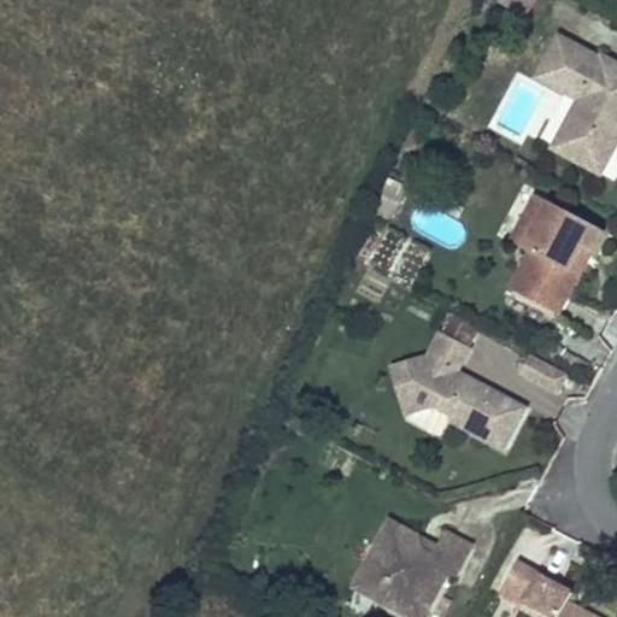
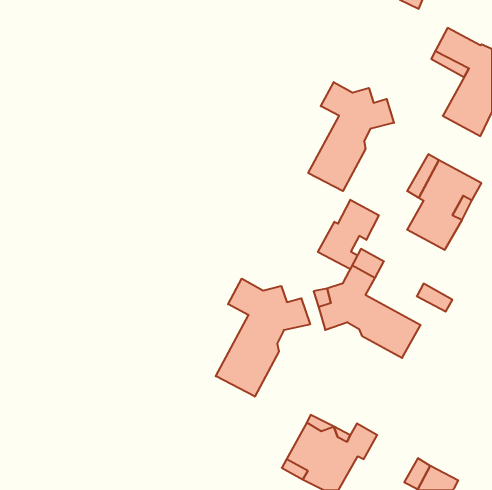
building: none -> [308,82,394,191]
building: none -> [318,200,379,269]
building: none -> [216,279,310,397]

